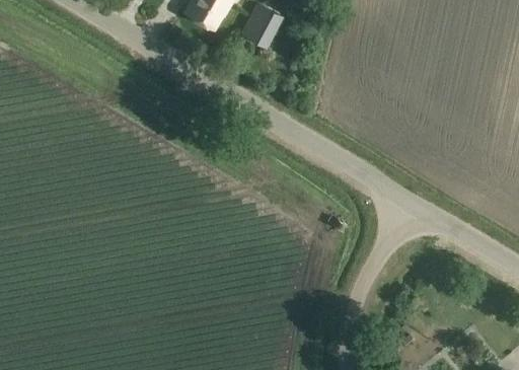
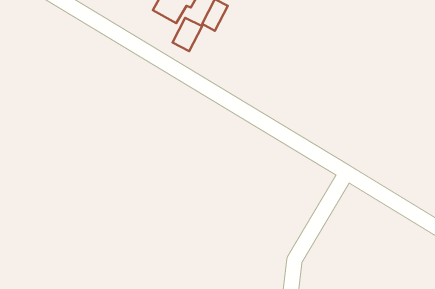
building: none -> [172,18,202,51]

